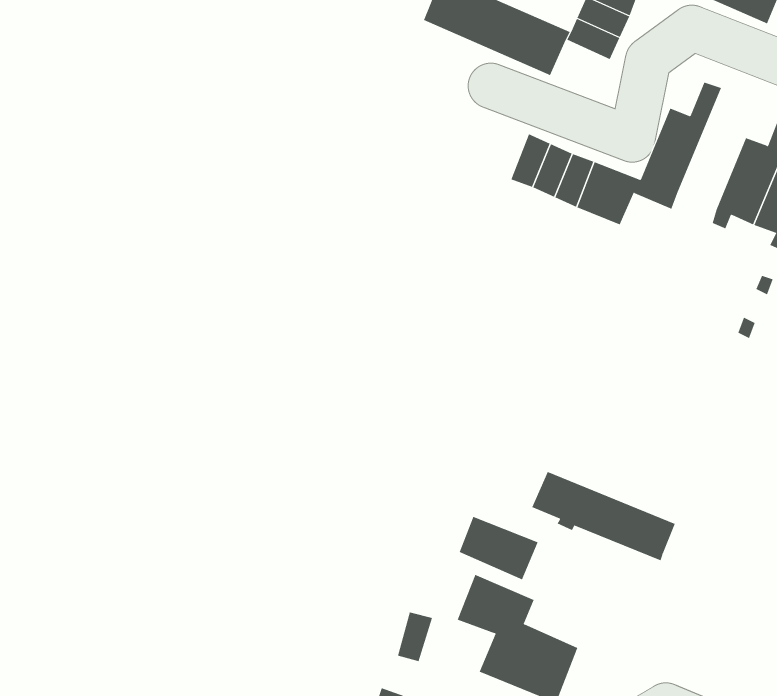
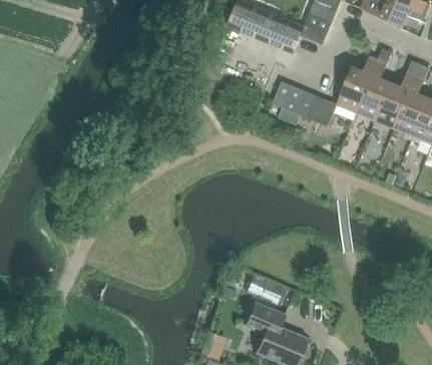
building: none -> [356,49,391,119]
building: [532,471,675,561] -> none

